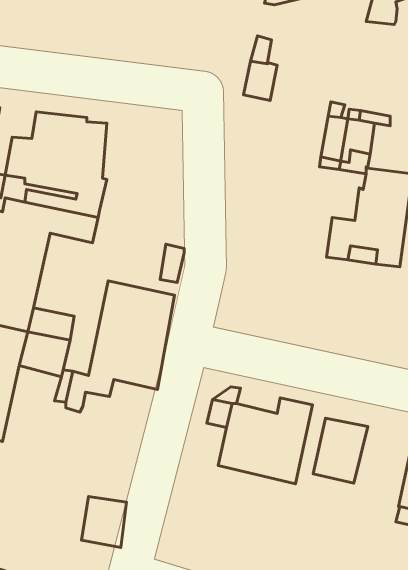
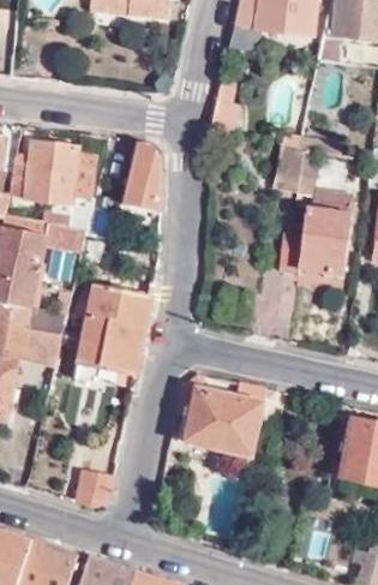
building: none -> [119,141,166,215]
building: [313,418,368,483] -> none

